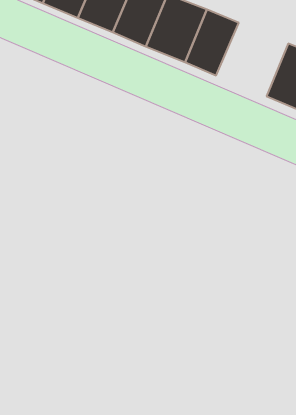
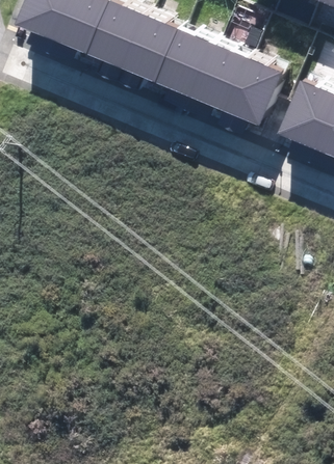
building: none -> [227,59,281,126]

